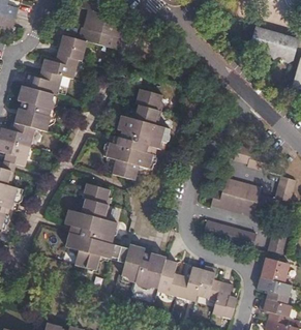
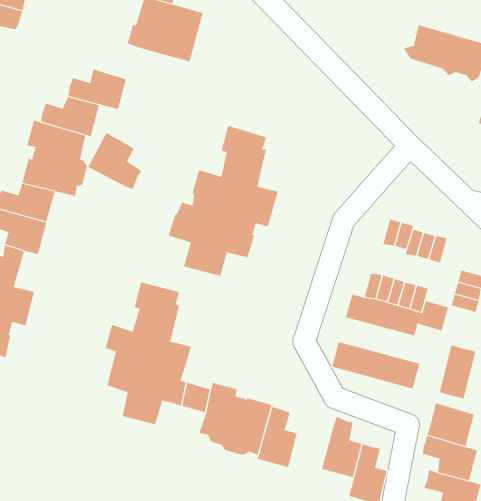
building: [57,35,86,61] -> none
building: none -> [87,132,142,190]
building: [176,266,203,302] -> none

